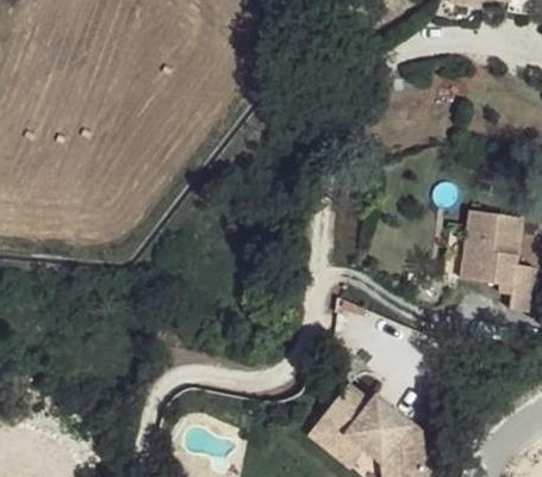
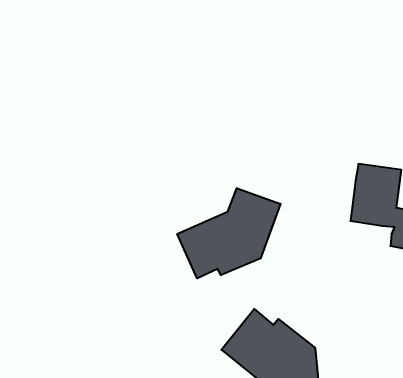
building: none -> [177,188,281,278]

